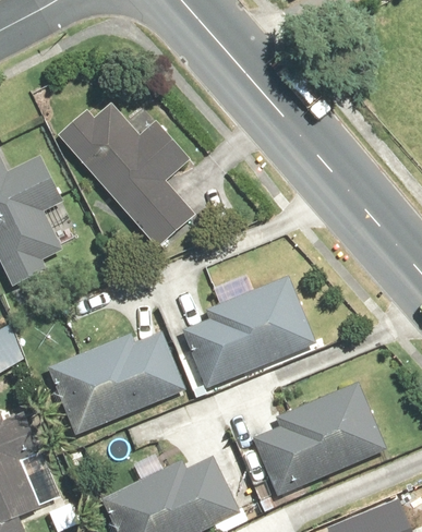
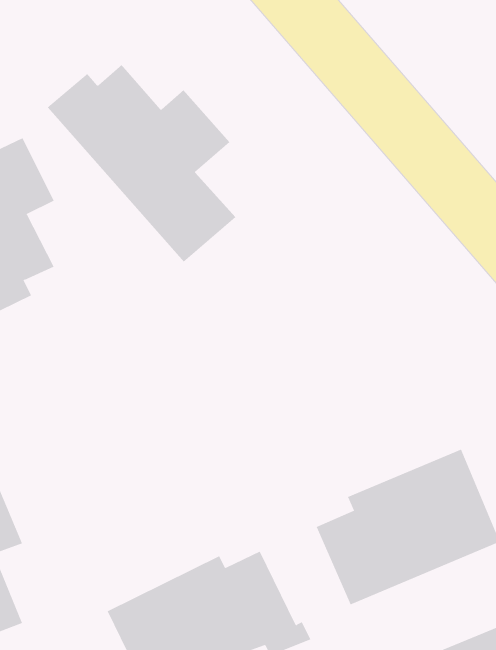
building: [182,275,315,388] -> none
building: [47,330,186,435] -> none

